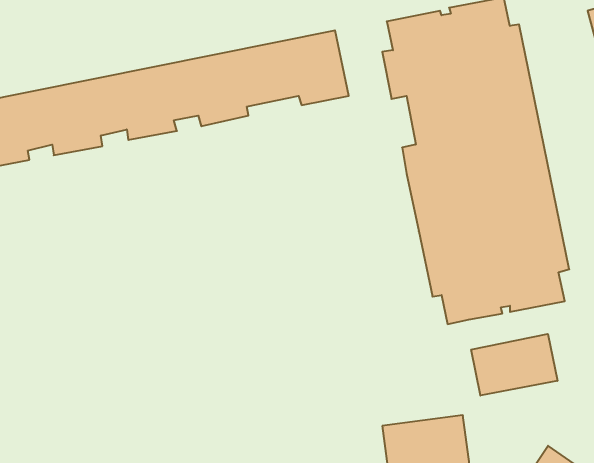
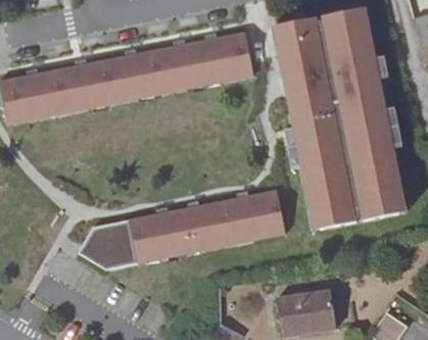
building: none -> [79,190,286,270]
building: [471,334,557,396] -> none

